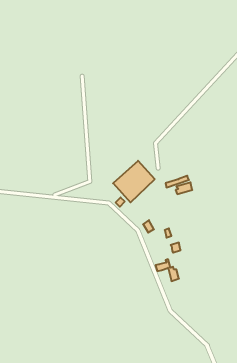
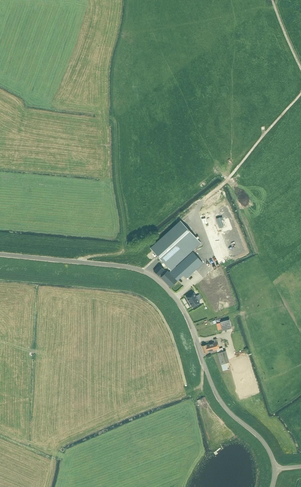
building: none -> [160,252,203,287]

